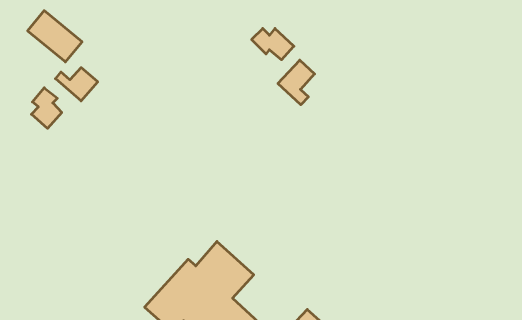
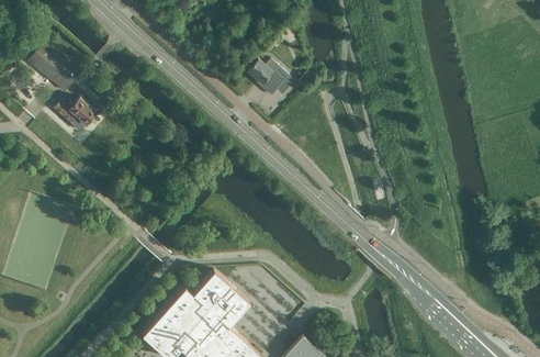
building: [278,60,315,105] -> none
building: [31,88,62,128] -> none

